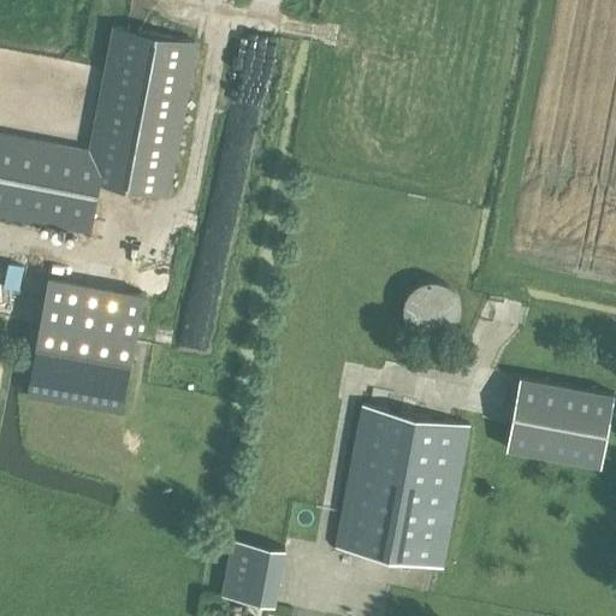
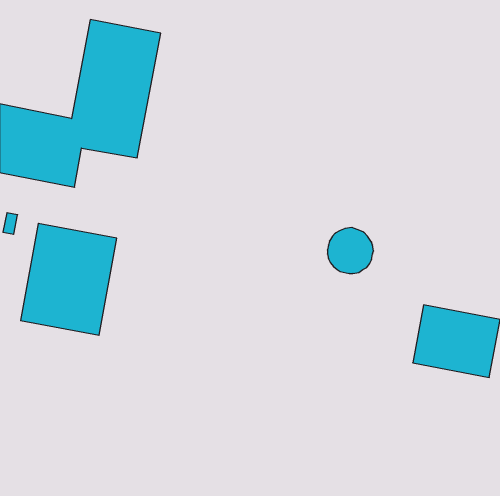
building: [336,408,469,570] -> none
building: [227,549,283,610] -> none

